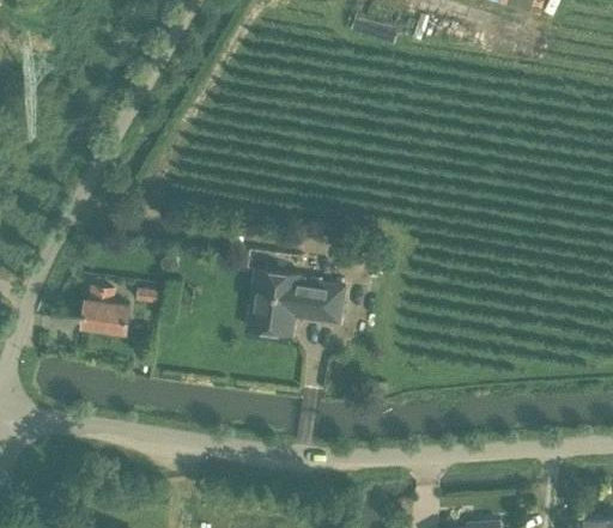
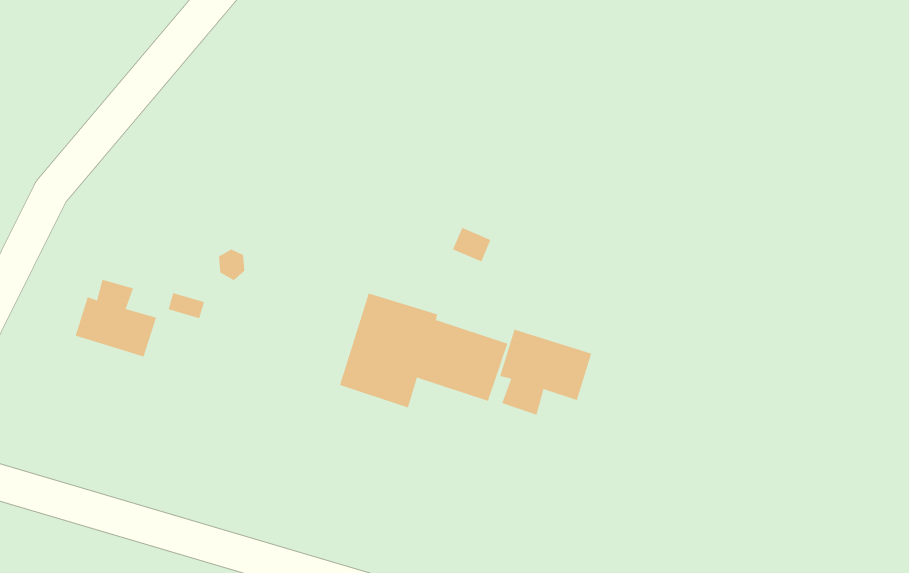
building: none -> [500,329,592,415]

